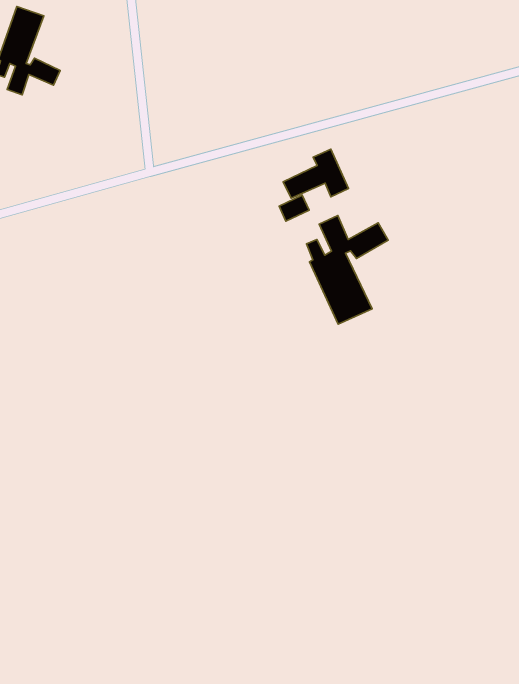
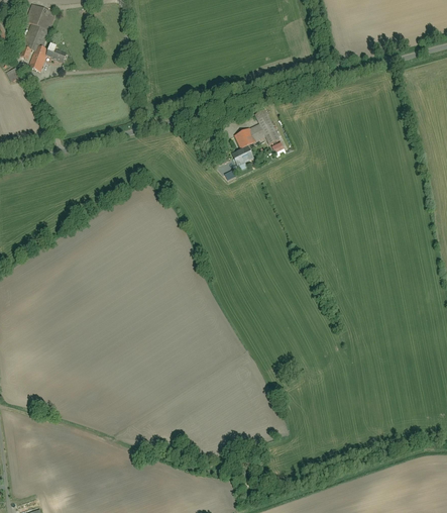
building: [307,216,388,324] -> none

